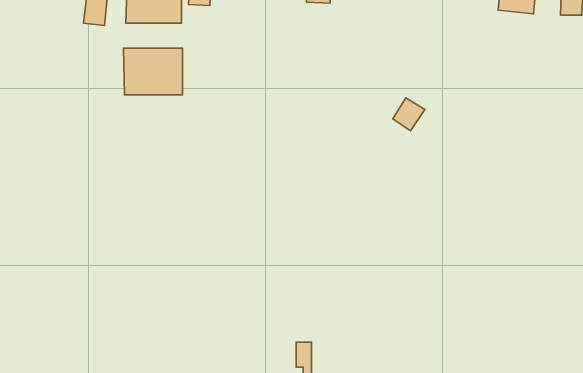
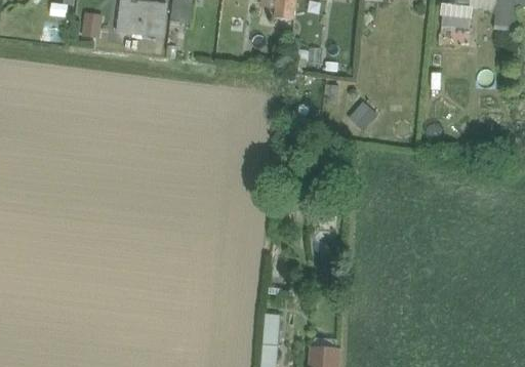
building: [123,48,183,95] -> none

